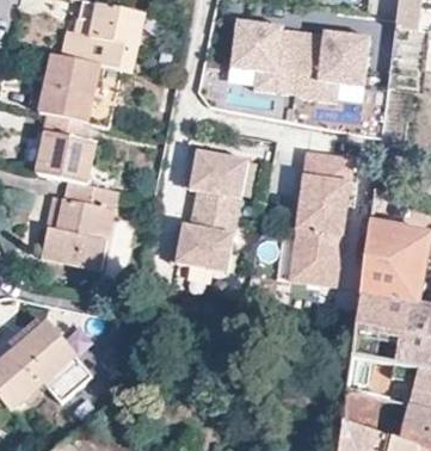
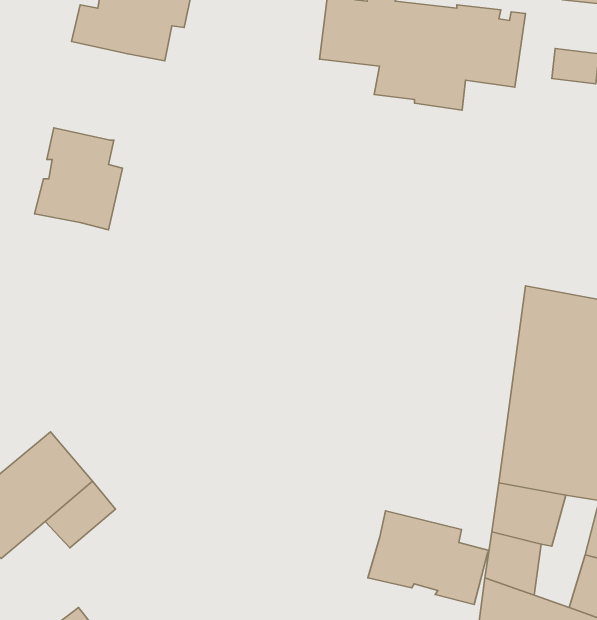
building: [39,54,99,123] -> none
building: [172,150,247,272] -> none
building: [293,153,351,270] -> none
building: [41,179,117,270] -> none
building: none -> [368,511,489,604]

